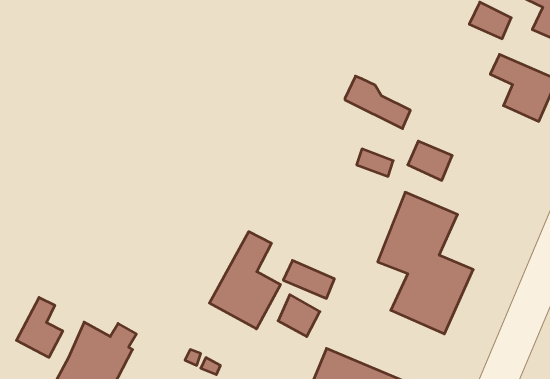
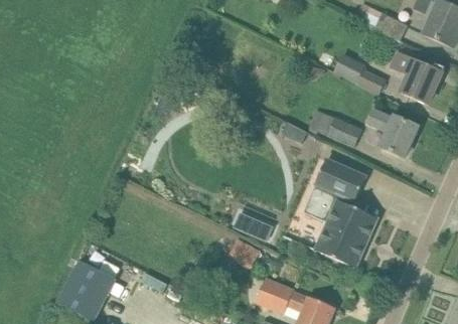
building: [345,76,410,129] -> [334,53,385,94]
building: none -> [366,111,418,157]
building: [209,232,280,329] -> none
building: [16,297,63,357] -> none

